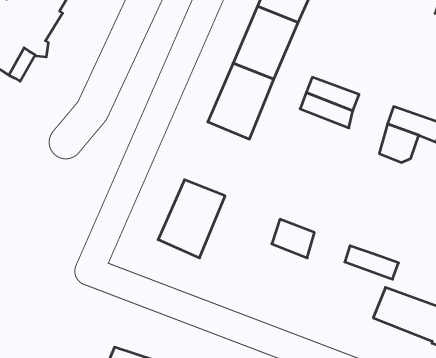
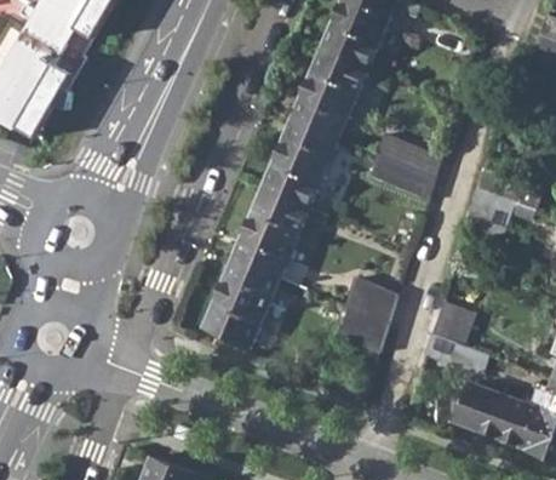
building: none -> [231,187,309,275]
building: none -> [345,274,396,319]
building: none -> [429,303,471,345]

